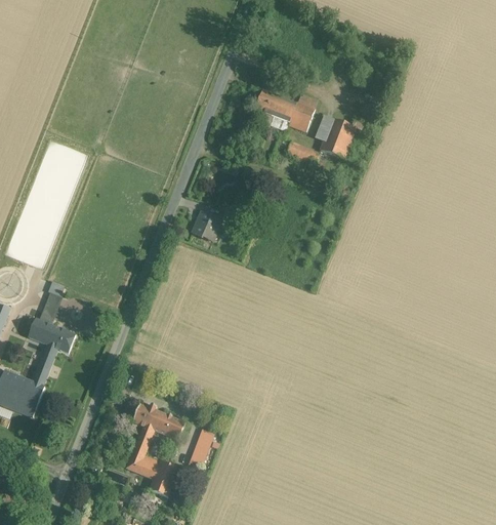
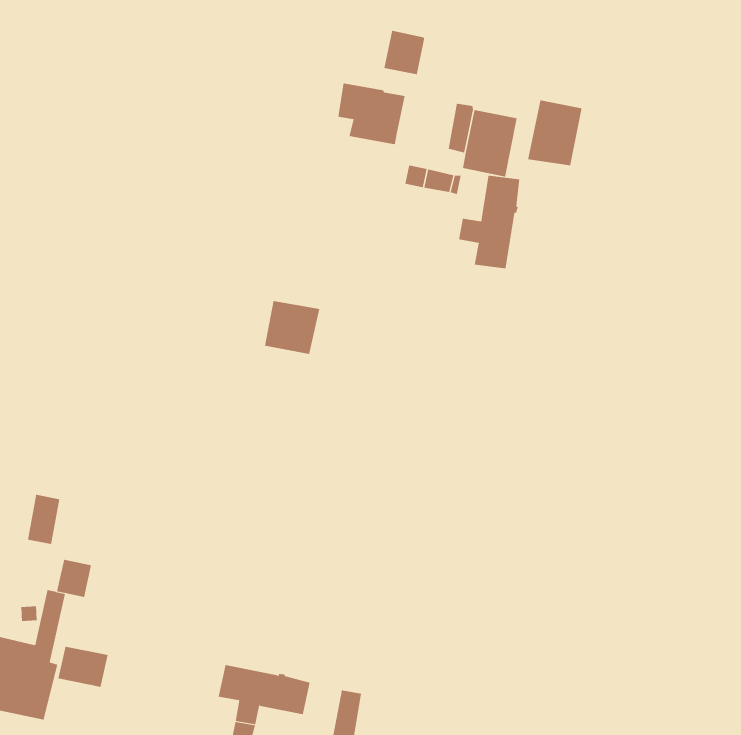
building: [288,104,316,131] -> [383,30,426,75]
building: none -> [527,99,582,166]
building: none -> [458,175,520,269]
building: [29,320,59,347] -> [58,646,108,687]

